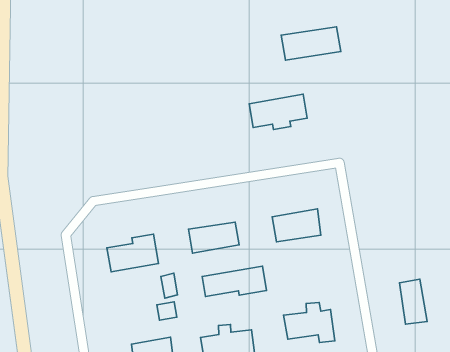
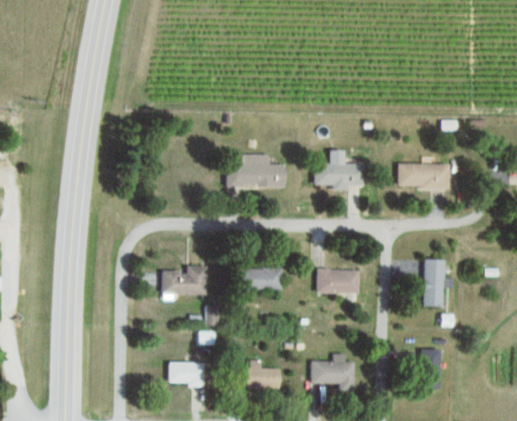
building: [281,27,341,60] -> [398,163,449,187]
building: none -> [226,154,285,186]
building: none -> [423,259,453,307]
building: [202,266,267,297] -> none

